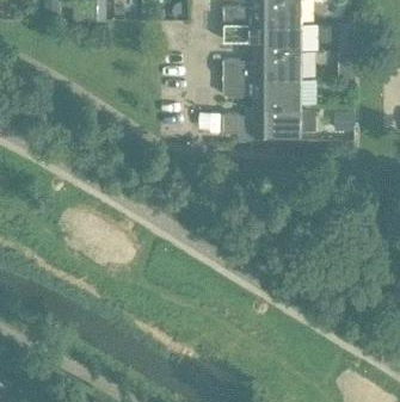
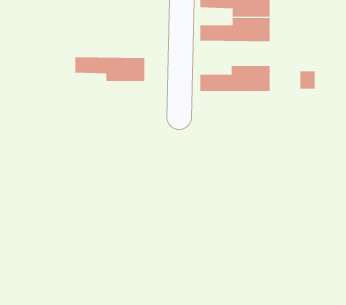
building: [223,80,302,107] -> [74,57,145,81]

